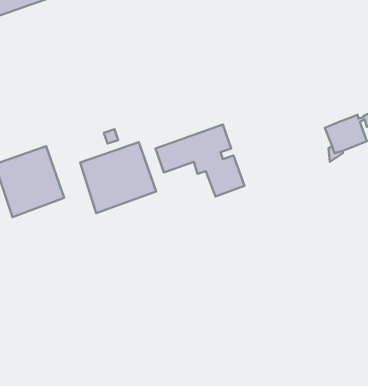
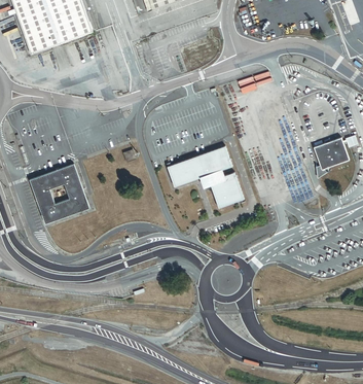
building: [80,142,156,213] -> none

